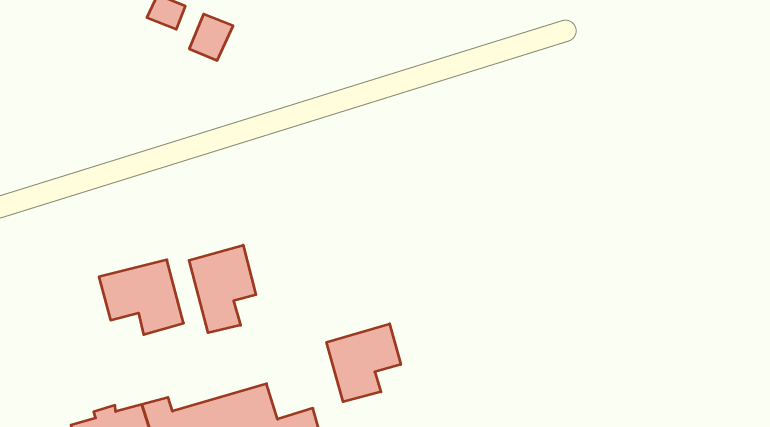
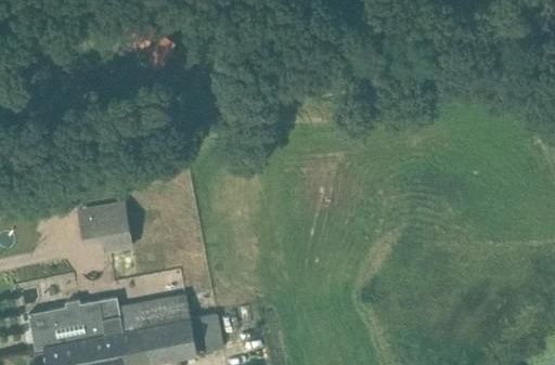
building: [189,245,256,333] -> none
building: [327,324,401,402] -> none

